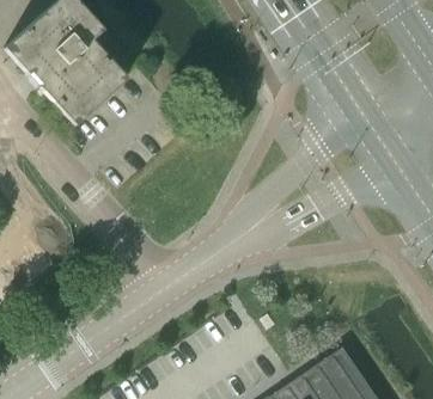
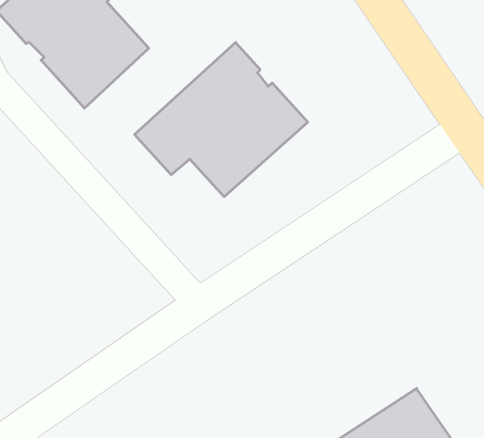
building: none -> [135,42,308,197]

